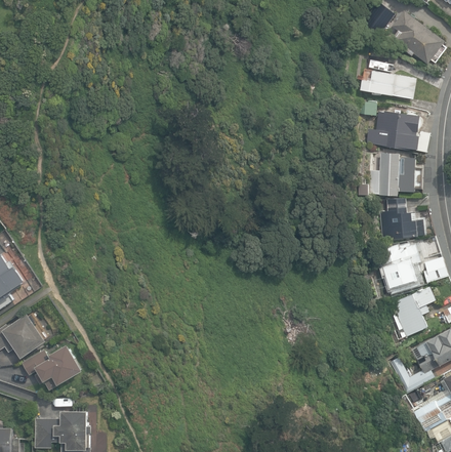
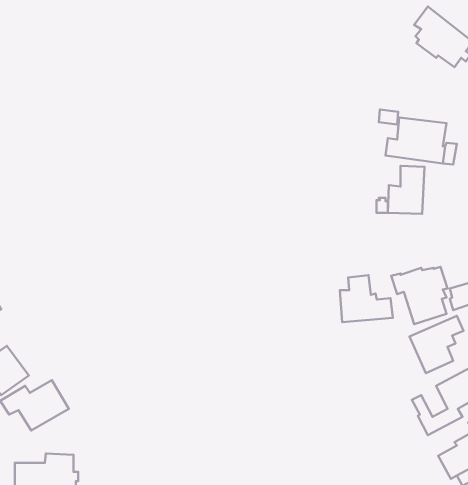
building: [360,71,416,99] -> none
building: [401,159,423,194] -> none
building: [379,198,426,240] -> [340,275,393,322]

